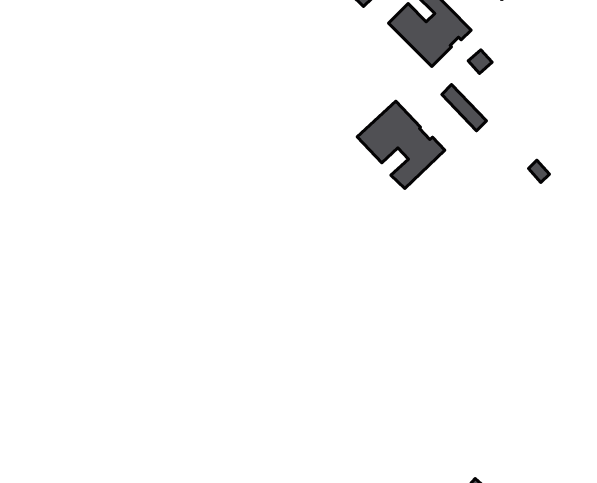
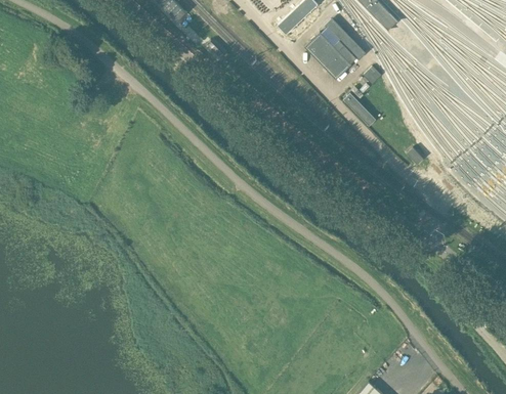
building: [357,101,445,189] -> none

